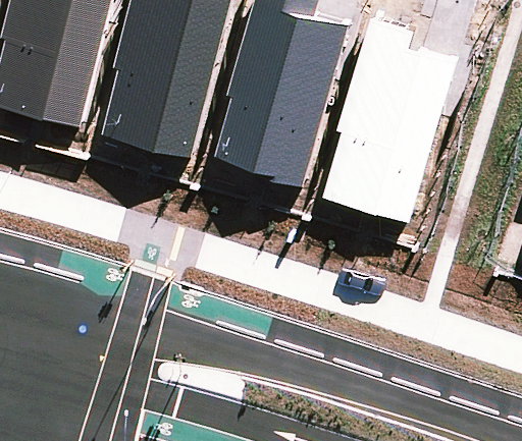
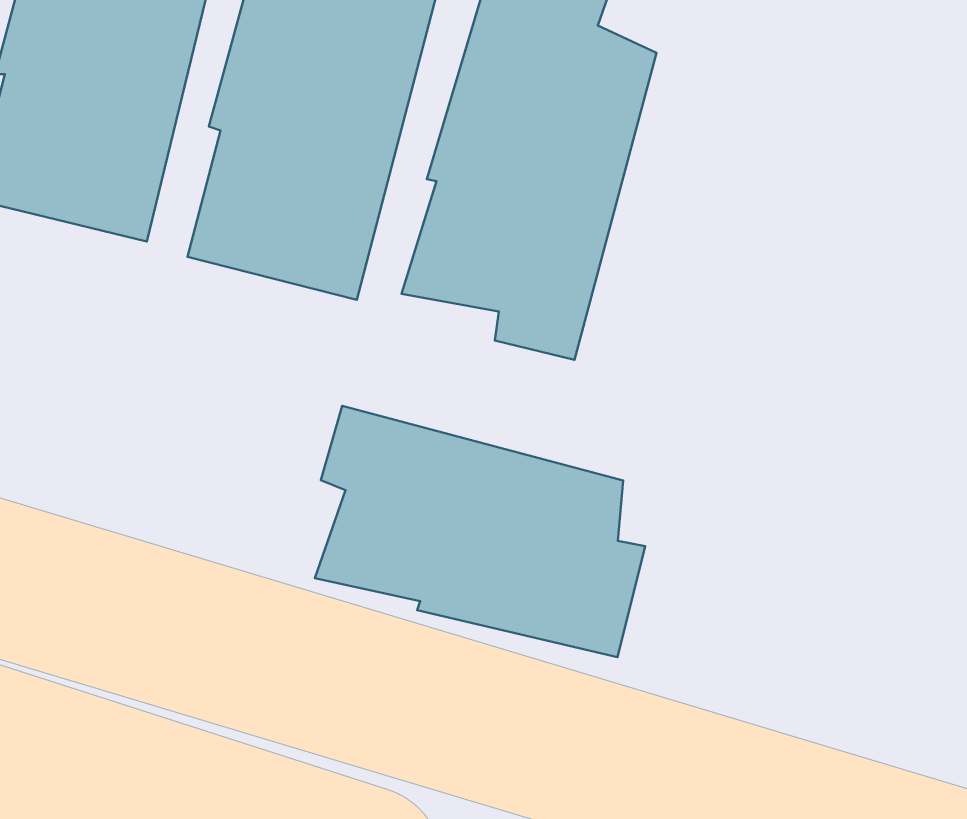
building: [323,16,455,220] -> none
building: none -> [315,406,645,657]

